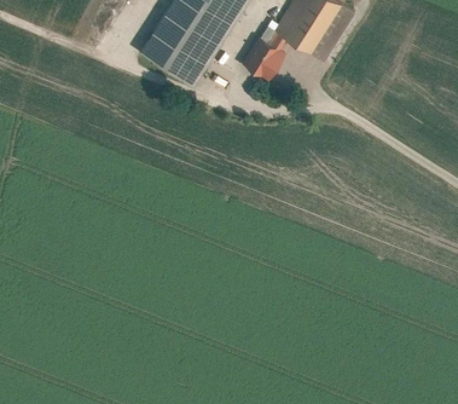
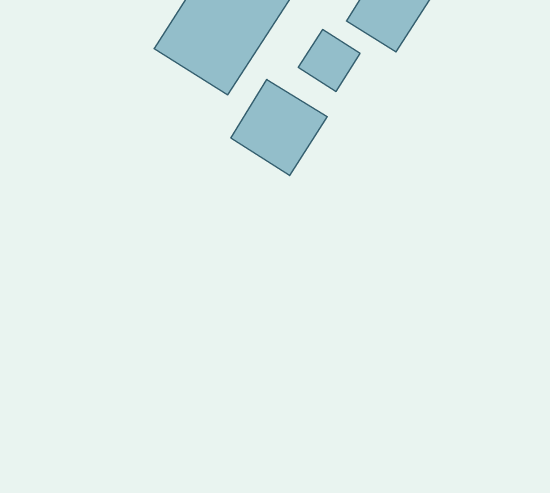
building: none -> [231,79,327,176]

